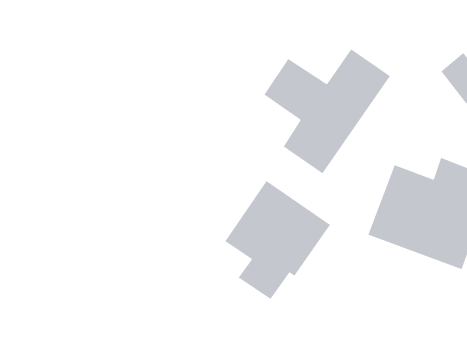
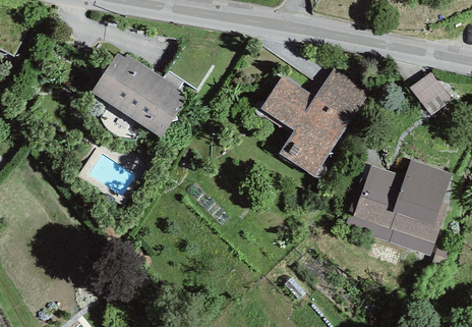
building: none -> [91,49,187,137]
building: [225,180,331,300] -> none

